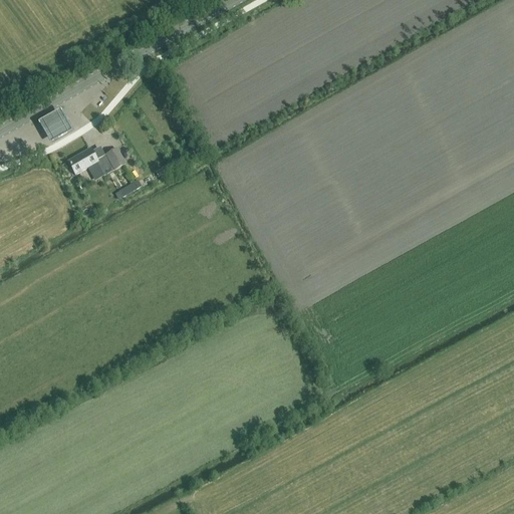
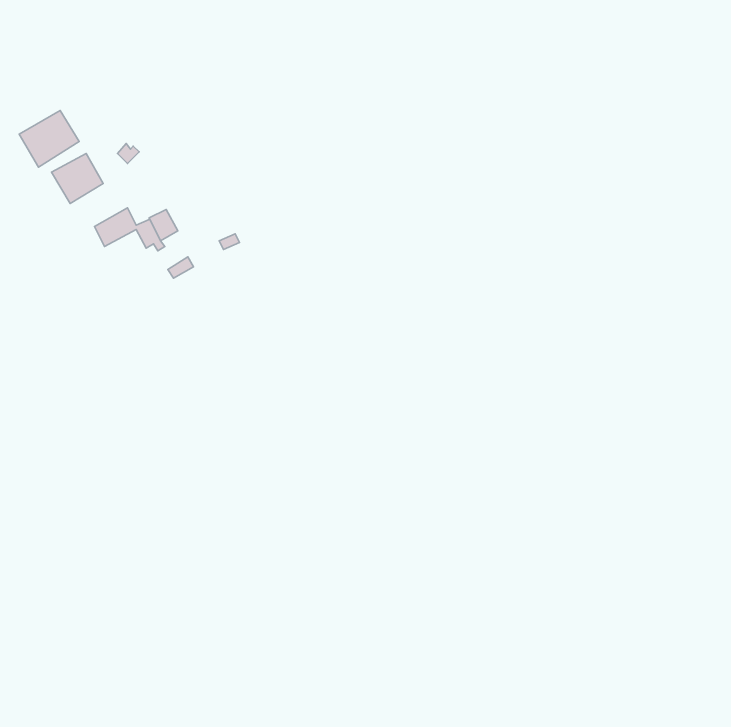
building: none -> [19,111,79,167]

